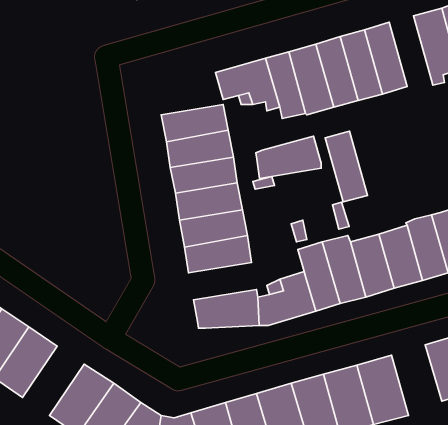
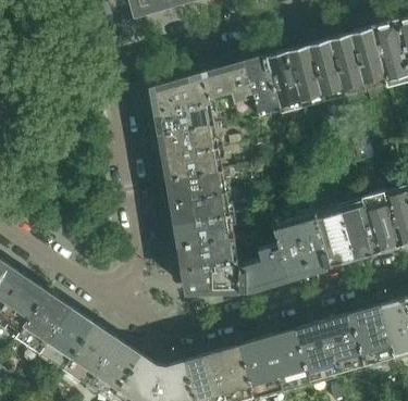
building: [325,131,368,202] -> [347,27,383,87]
building: [256,136,321,178] -> [151,75,207,111]
building: none -> [177,236,235,267]
building: none -> [349,305,392,365]
building: none -> [37,306,89,365]

